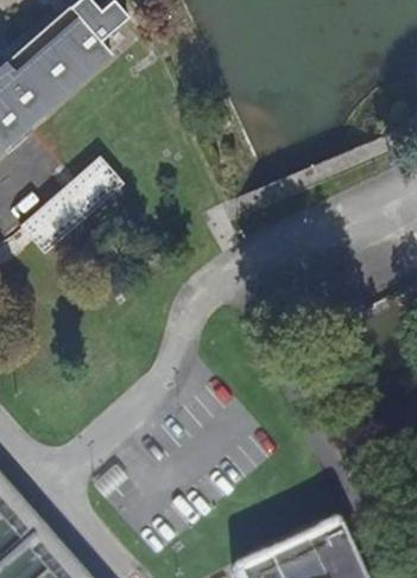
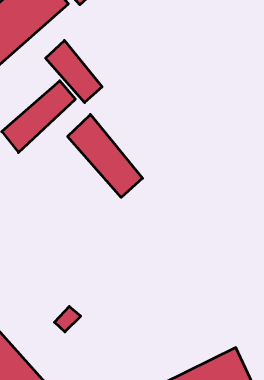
building: none -> [46,40,102,103]
building: none -> [68,114,143,197]

